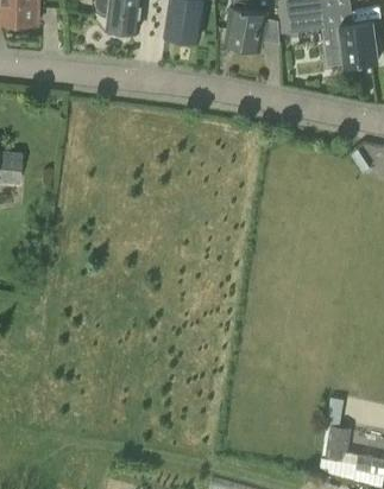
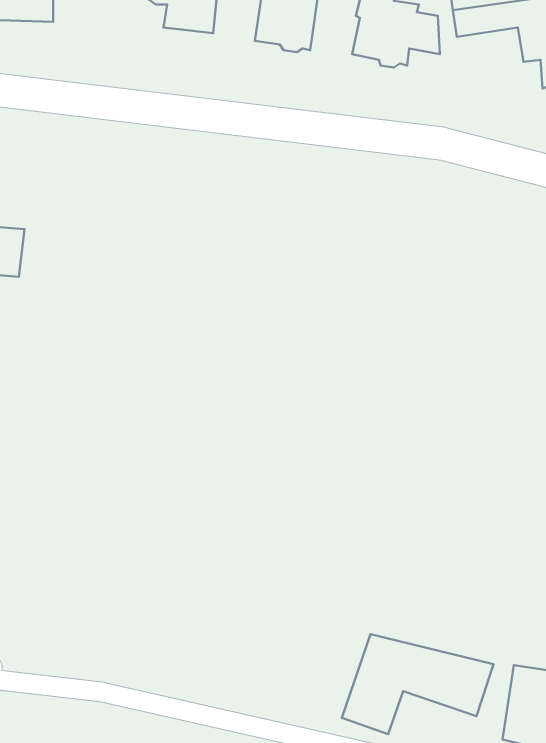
building: none -> [342,634,494,734]

